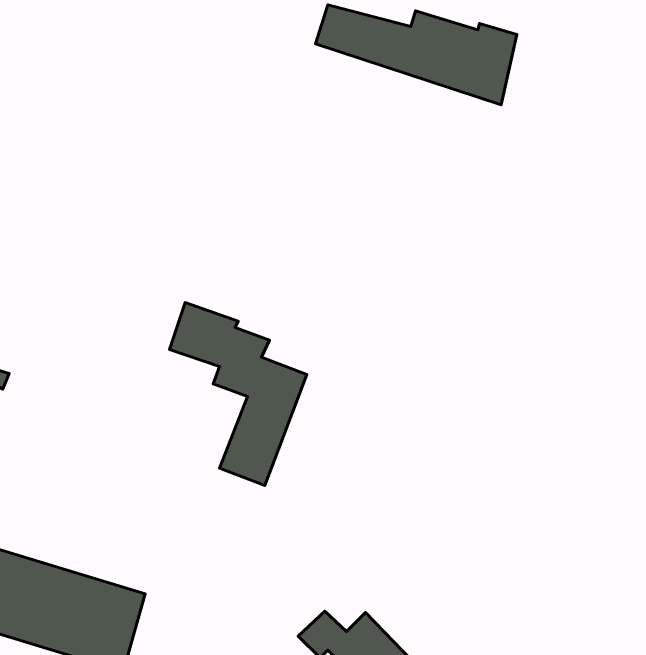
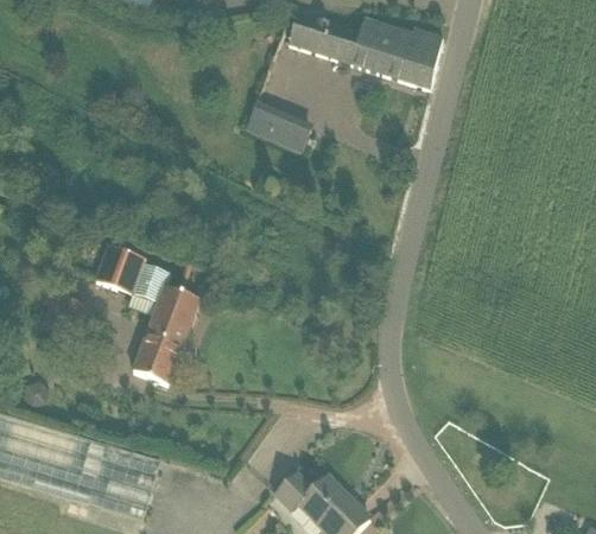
building: none -> [241,98,311,150]
building: [169,303,307,485] -> [94,244,198,383]

